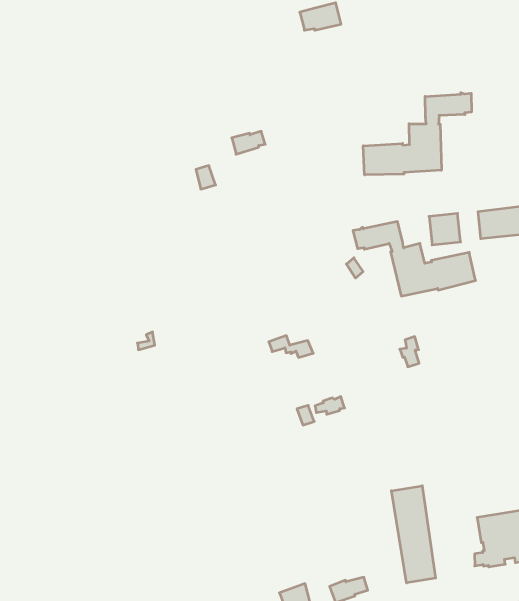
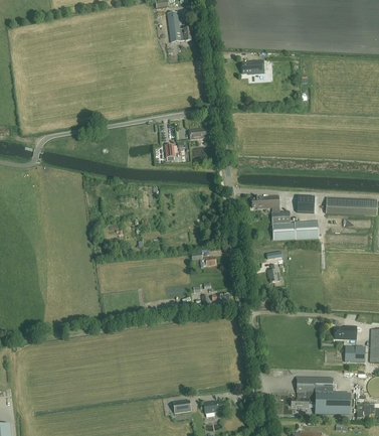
building: [363,93,471,175] -> none
building: [391,486,436,583] -> none

